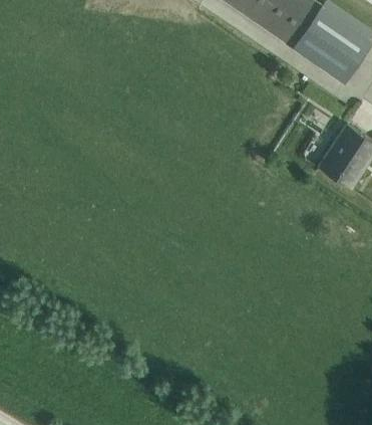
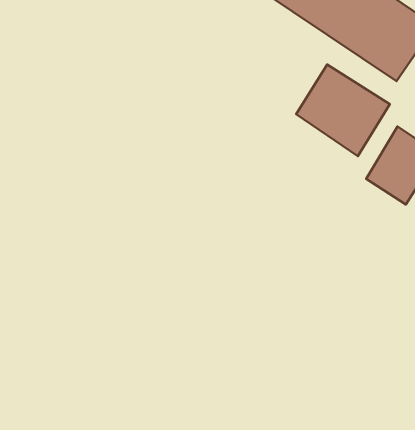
building: none -> [296,64,390,156]

